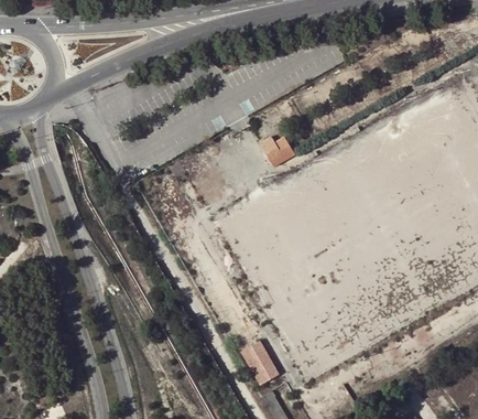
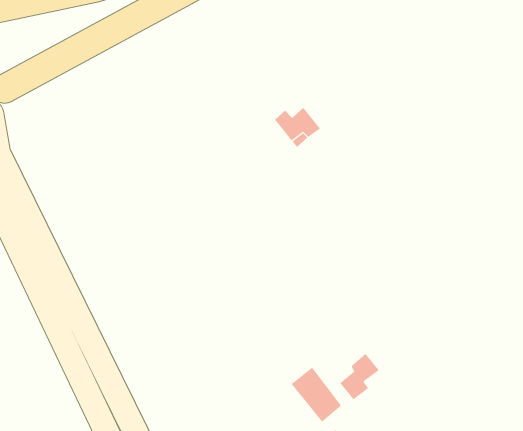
building: none -> [340,353,379,400]

